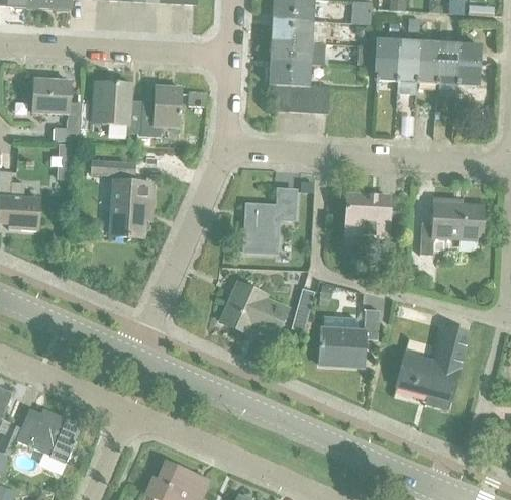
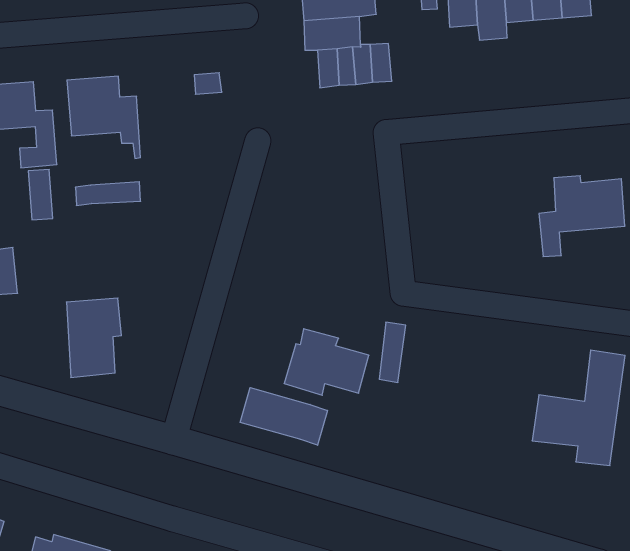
building: [140,86,182,145] -> none
building: [111,181,152,236] -> [66,298,121,377]
building: [245,189,296,252] -> none
building: [344,194,389,236] -> none
building: [319,309,379,365] -> none
building: none -> [240,388,327,445]

